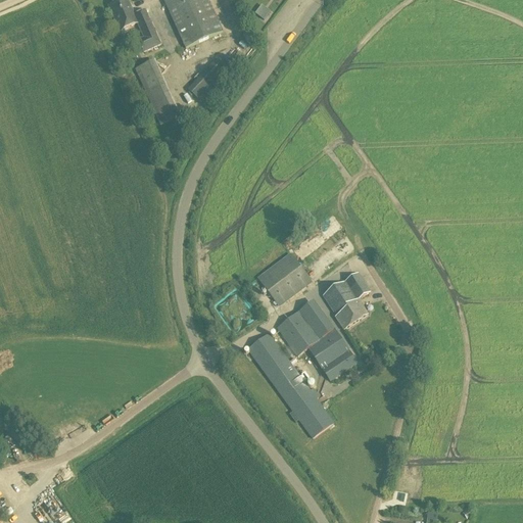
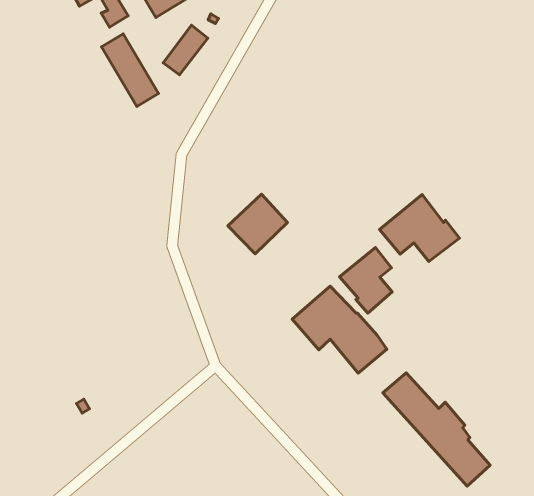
building: none -> [380,195,459,261]
building: [256,252,310,304] -> [228,194,288,254]
building: [246,332,334,438] -> [383,373,490,486]

